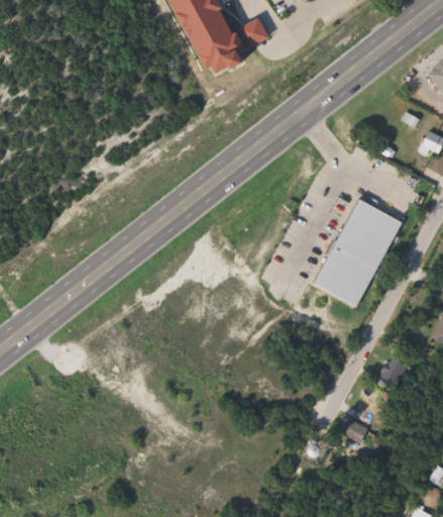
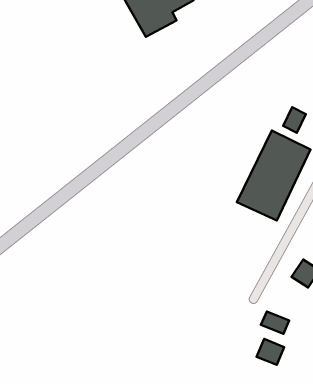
building: none -> [283,107,306,133]
building: none -> [257,339,284,365]

